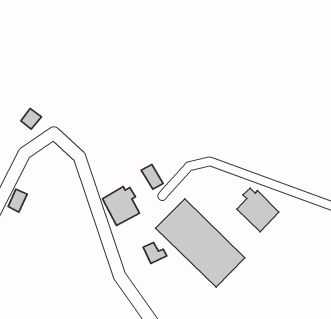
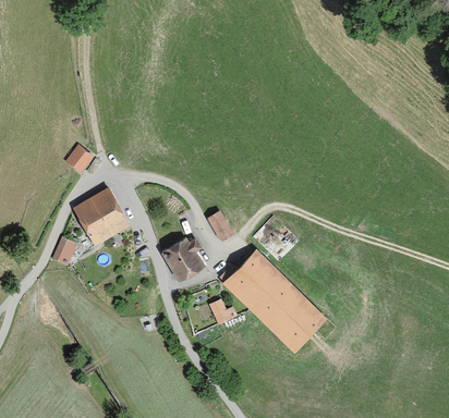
building: none -> [75,190,128,244]
building: [237,188,279,232] -> none

